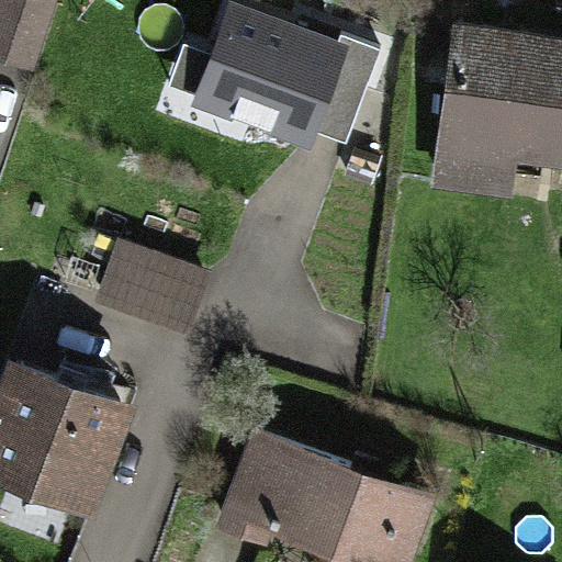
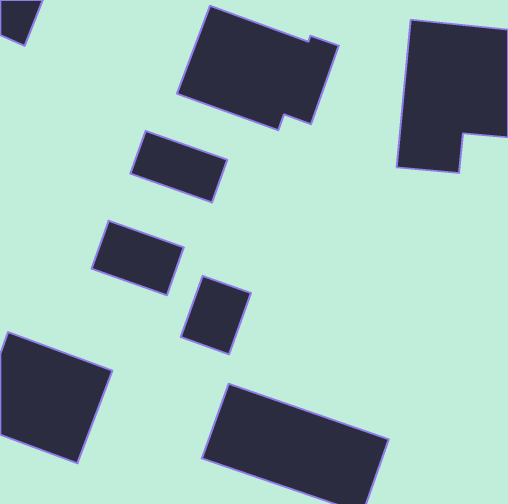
building: none -> [130,131,227,203]
building: none -> [181,276,251,354]

